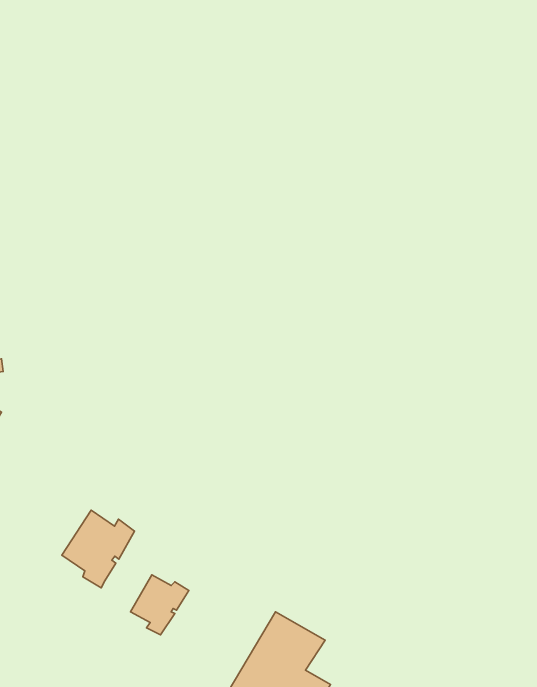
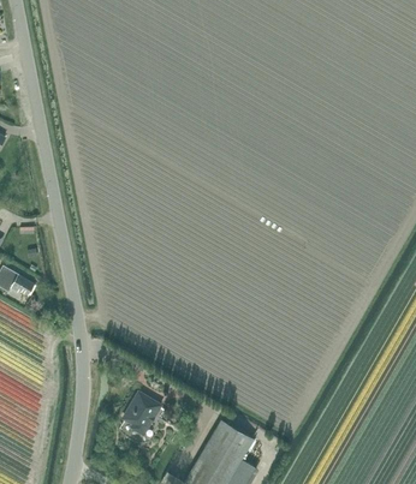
building: [62,510,135,588] -> none

